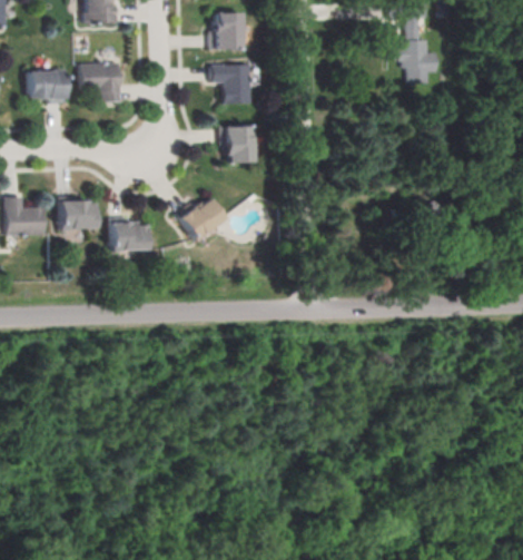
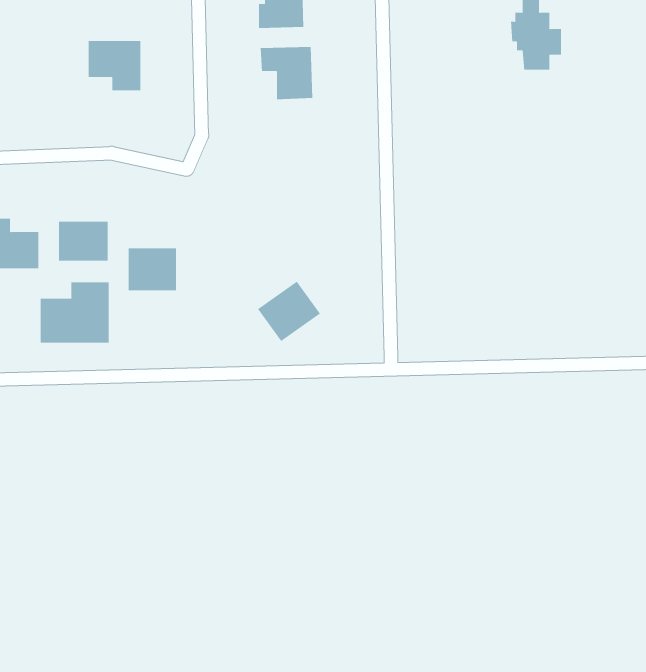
building: [29,69,67,101] -> none
building: [220,128,254,168] -> none
building: [178,195,226,240] -> [257,281,321,342]
building: none -> [40,281,109,343]

